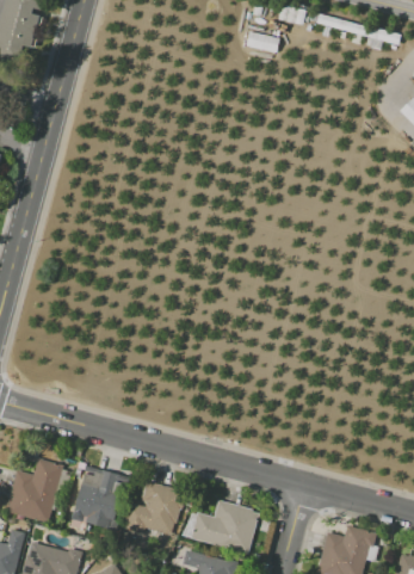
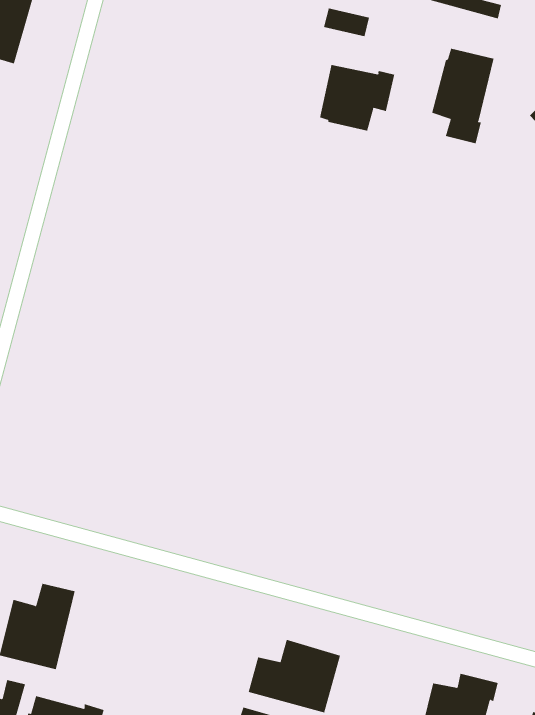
building: none -> [432,48,494,144]
building: none -> [320,64,395,132]
building: [74,465,129,530] -> none
building: [123,482,186,535] -> none

